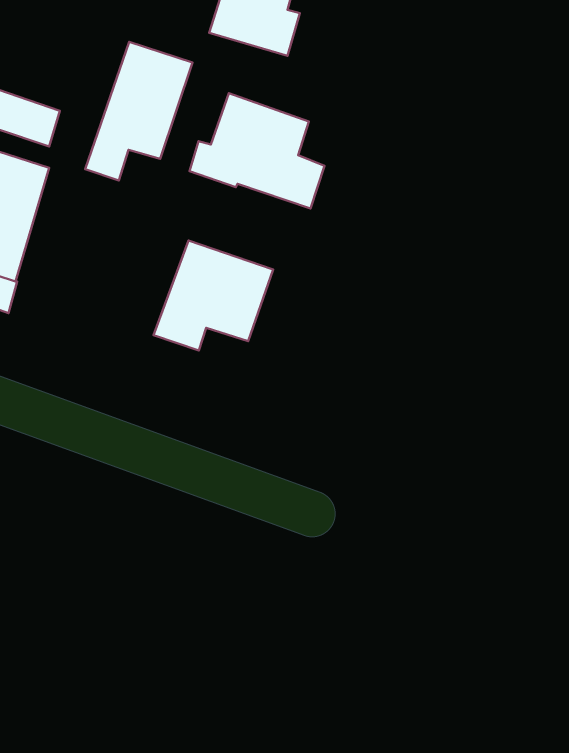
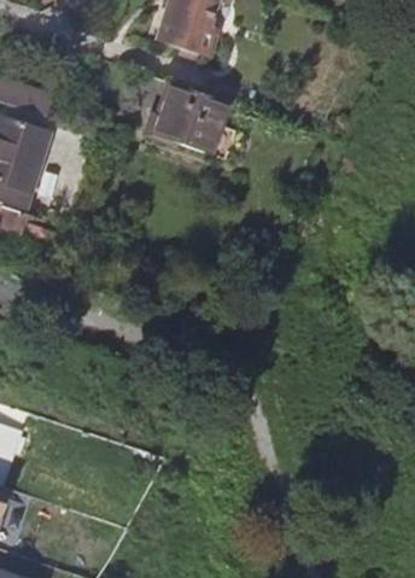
building: [85,42,192,180] -> none
building: [154,240,273,351] -> none

